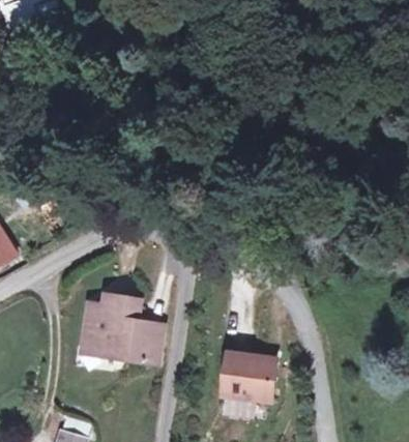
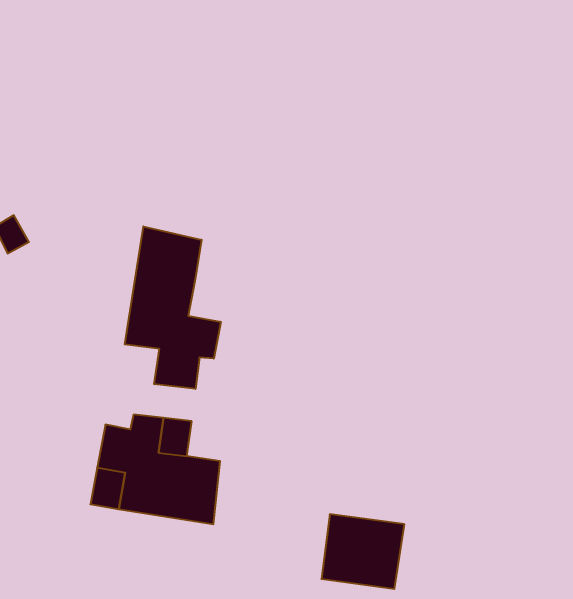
building: none -> [125,226,221,389]

